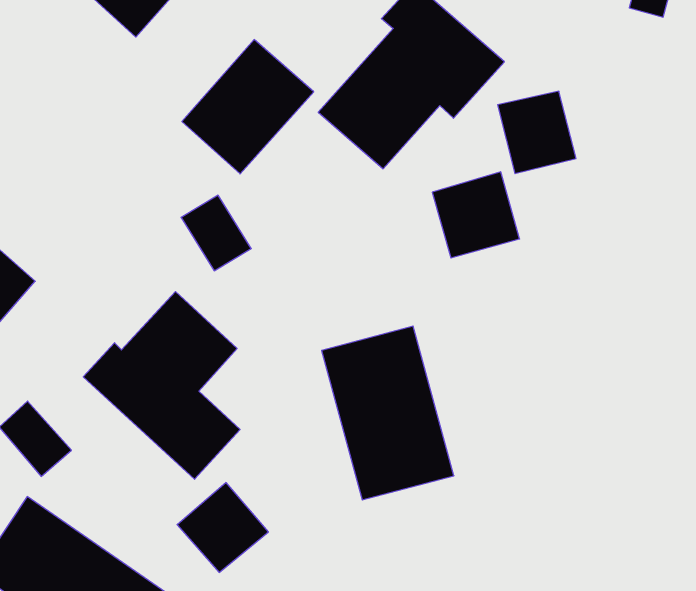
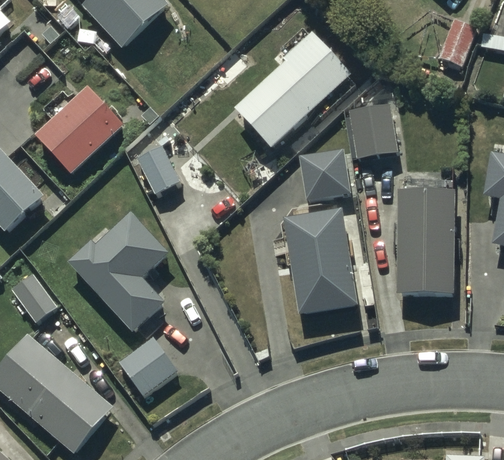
building: [182,40,314,174] -> [37,87,123,172]
building: none -> [396,187,456,290]
building: [322,326,454,500] -> [285,215,362,323]

